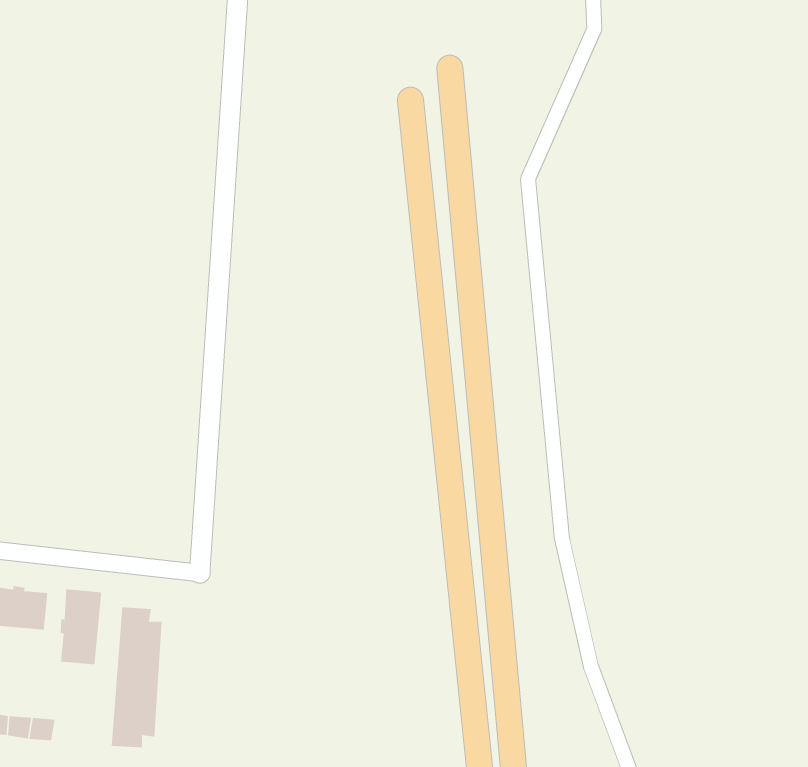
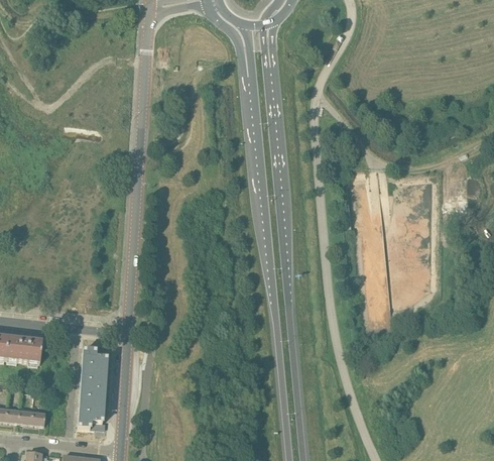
building: [60,589,102,665] -> none

